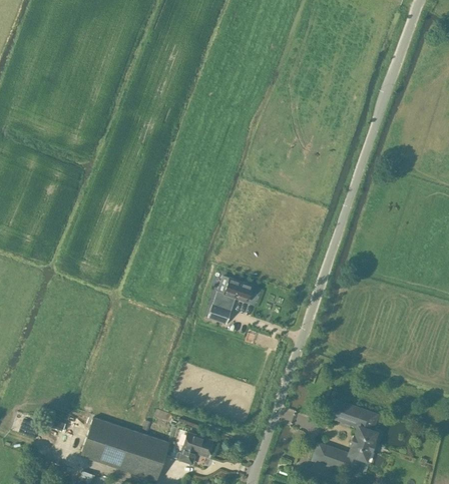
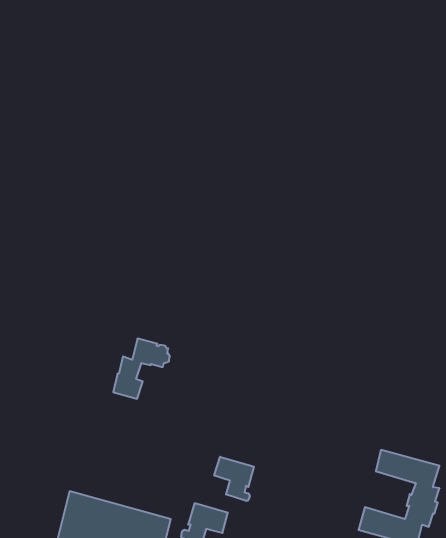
building: [209,278,255,324] -> [113,339,170,399]
building: none -> [214,457,254,501]

